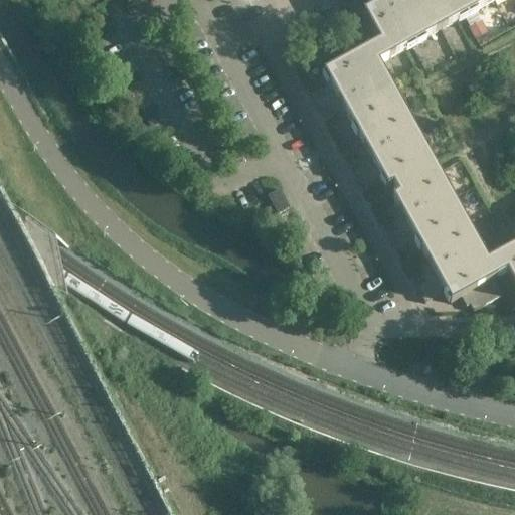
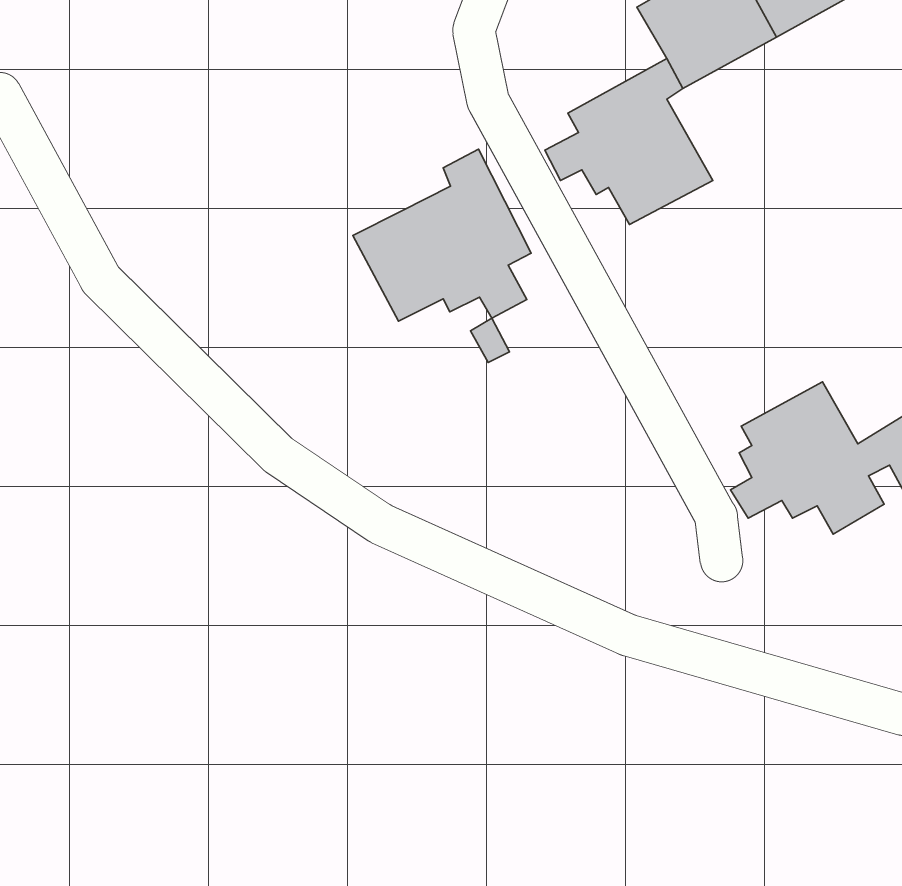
building: none -> [353,149,531,321]
building: [354,103,469,242] -> none

